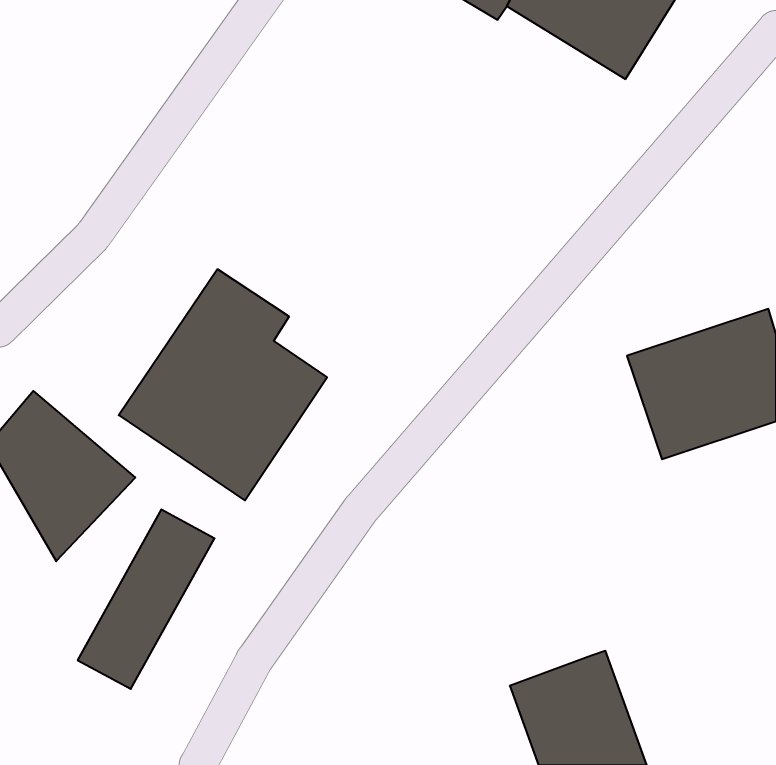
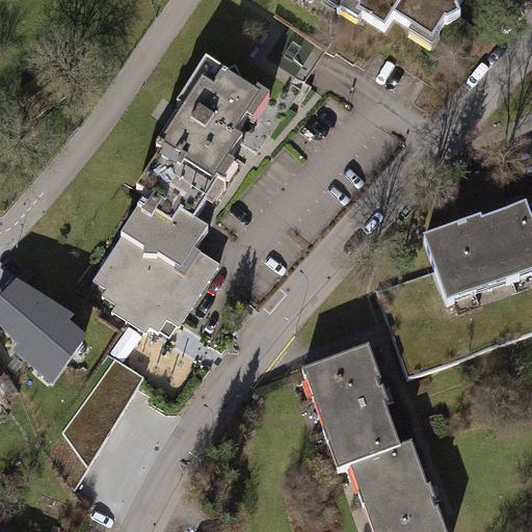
building: none -> [129,52,275,216]
building: none -> [302,349,404,472]

